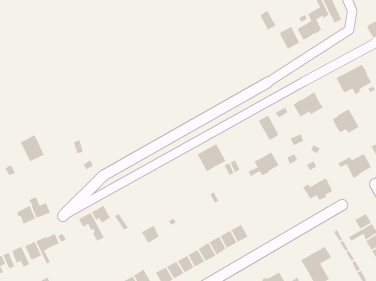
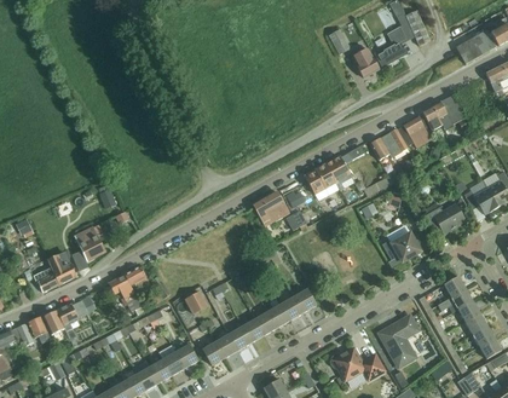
building: [332,108,360,134] -> [397,116,431,148]
building: [20,134,45,162] -> [75,226,105,260]
building: [248,151,283,177] -> [298,163,341,195]

